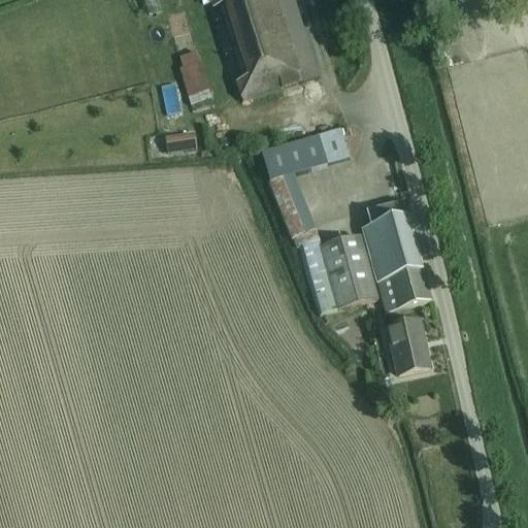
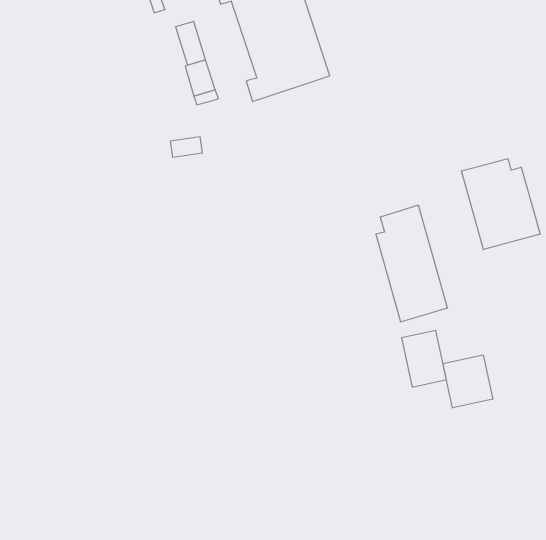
building: [261,126,377,311] -> none
building: none -> [461,159,540,250]
building: none -> [443,355,493,408]

